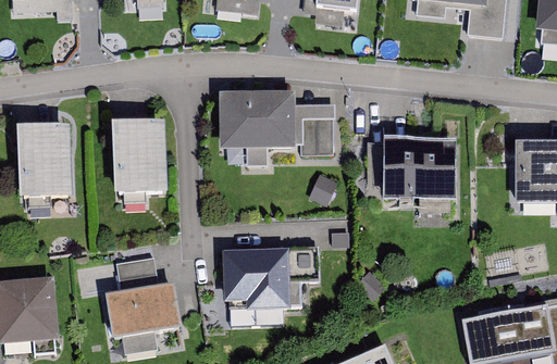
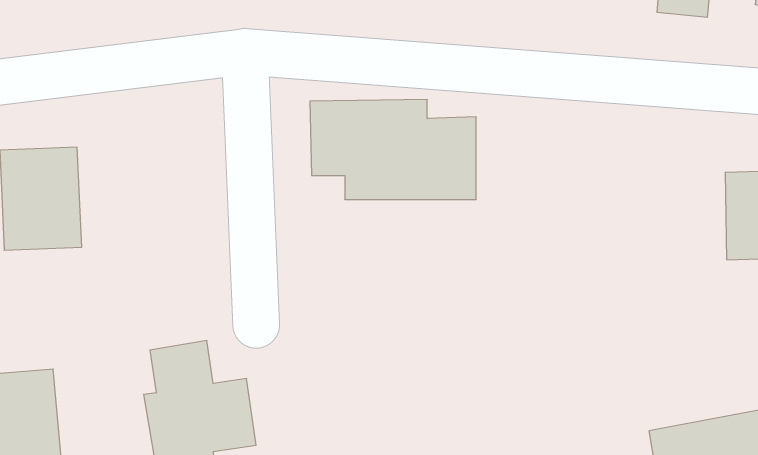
building: [112,121,168,192] -> none
building: [383,140,456,198] -> none
building: [232,249,325,314] -> none

